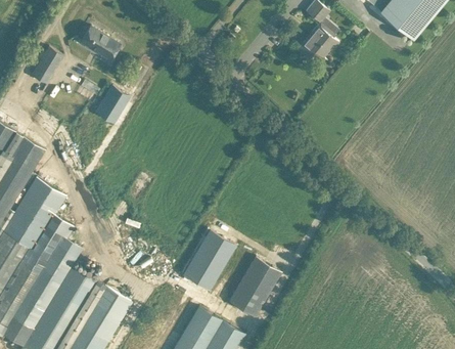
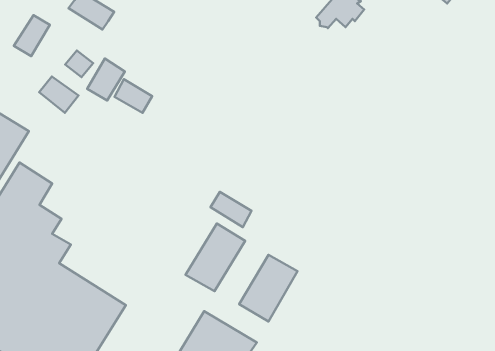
building: none -> [39,76,79,113]
building: none -> [114,79,152,113]
building: none -> [211,192,252,227]

